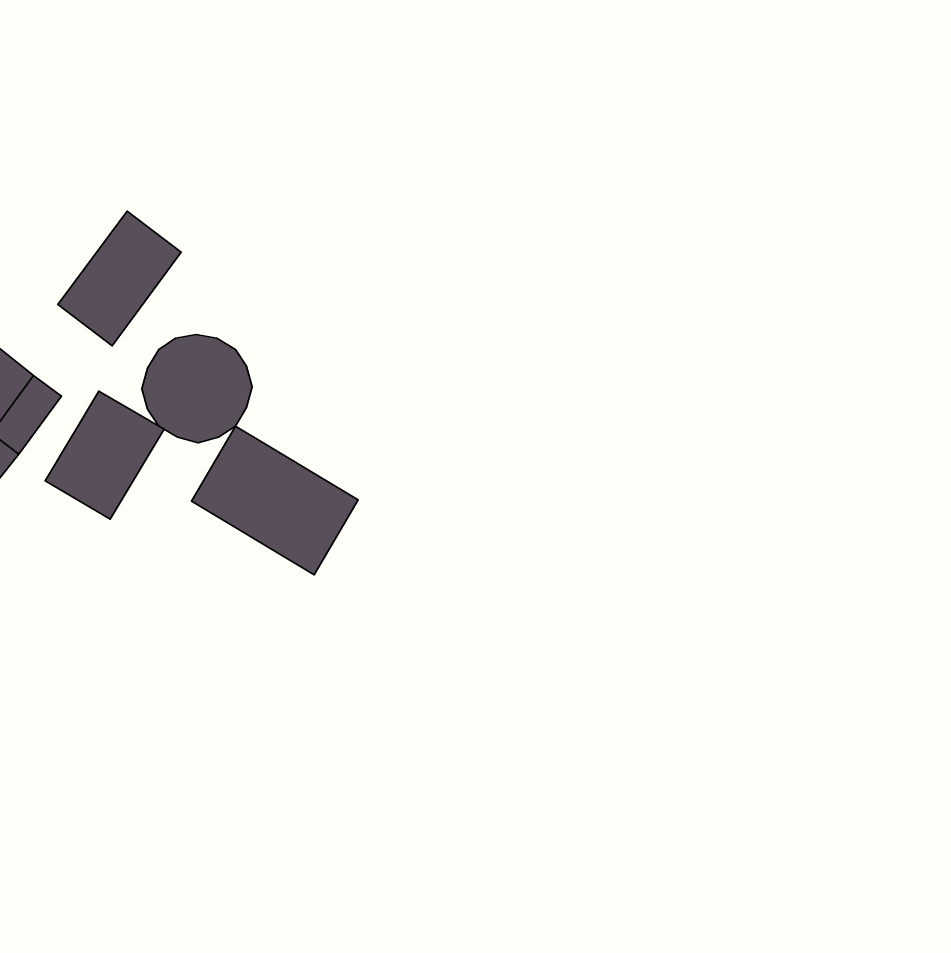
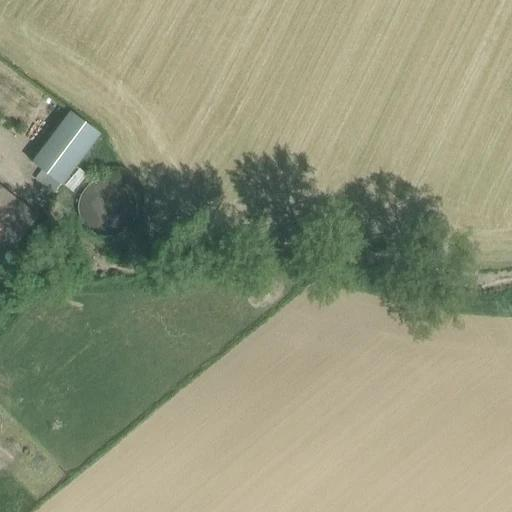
building: [45,391,164,519] -> none
building: [191,426,358,575] -> none

